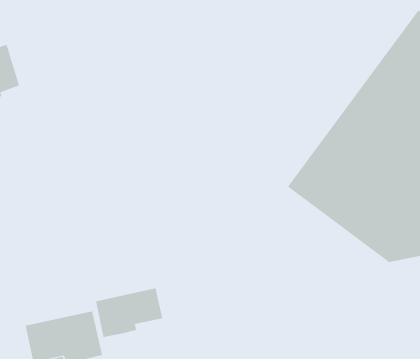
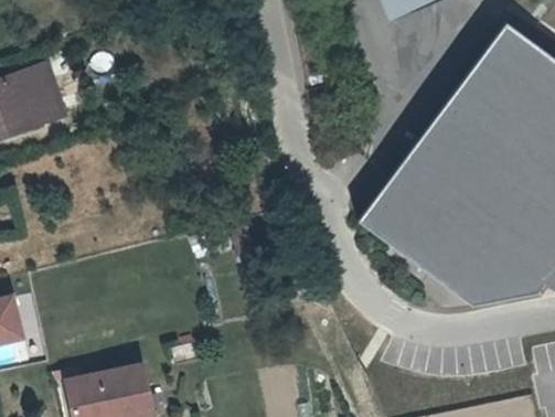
building: [95,288,163,338] -> none

